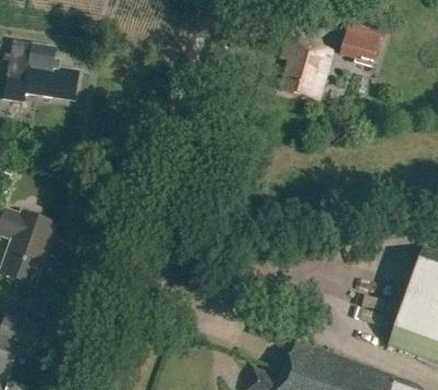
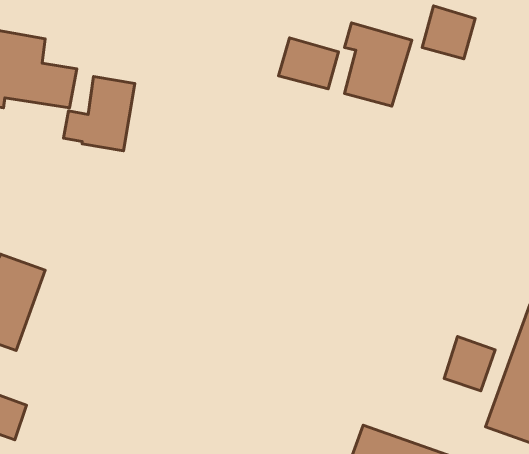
building: none -> [279,38,338,89]
building: none -> [64,77,135,151]
building: none -> [444,337,495,391]

